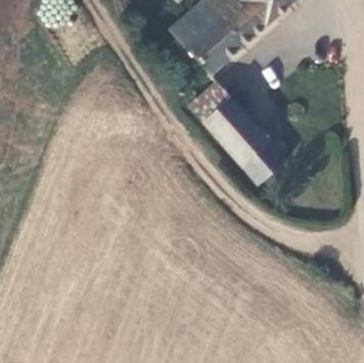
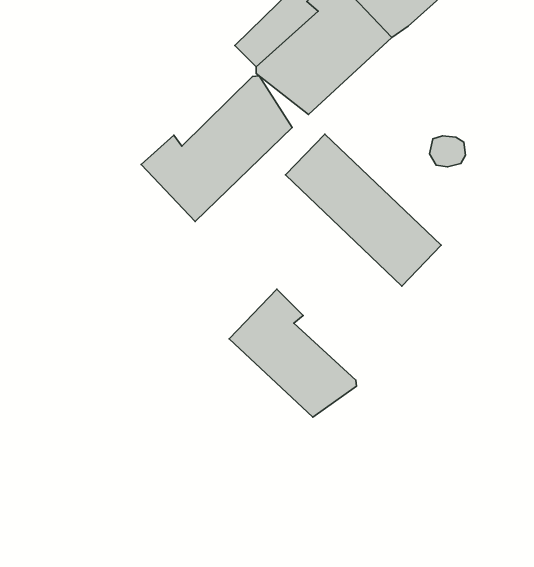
building: none -> [141,76,292,221]
building: none -> [229,289,357,417]

